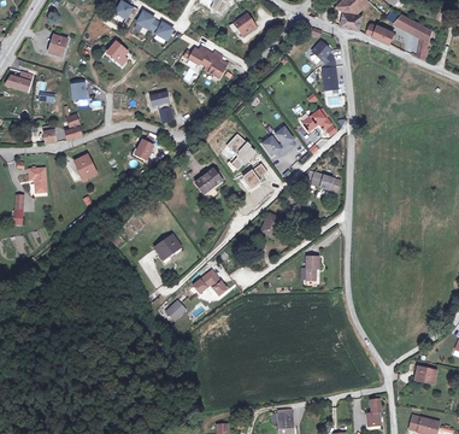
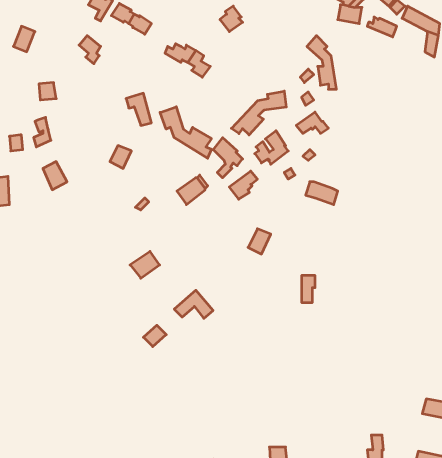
building: none -> [231,91,286,135]
building: none -> [160,107,212,158]

